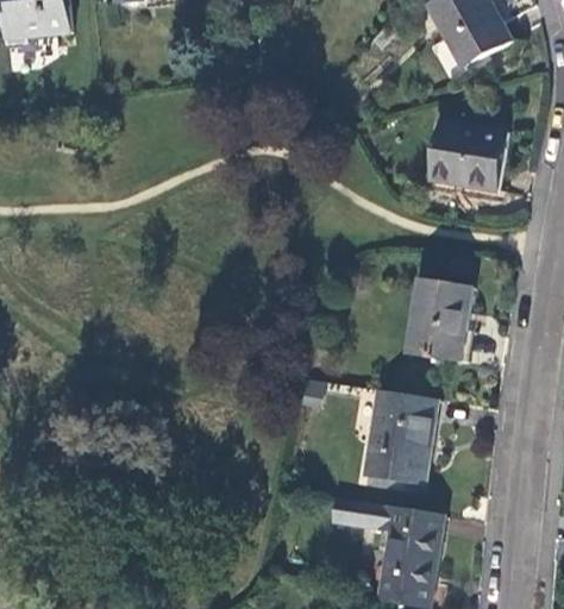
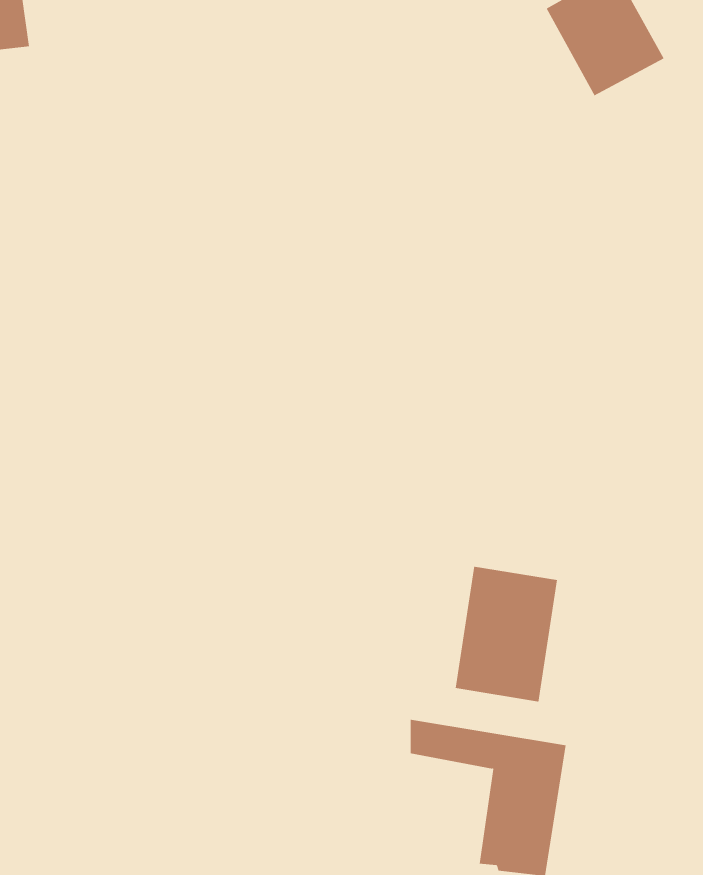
building: [430,123,508,190] -> none
building: [409,280,472,360] -> none

